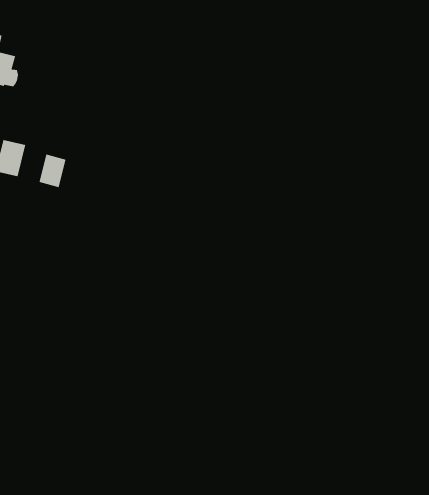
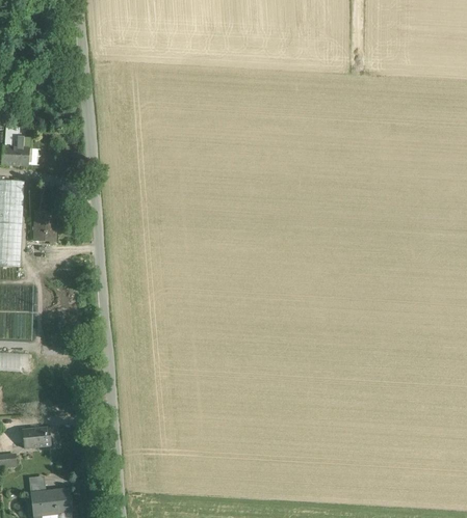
building: [39,153,66,188] -> none

